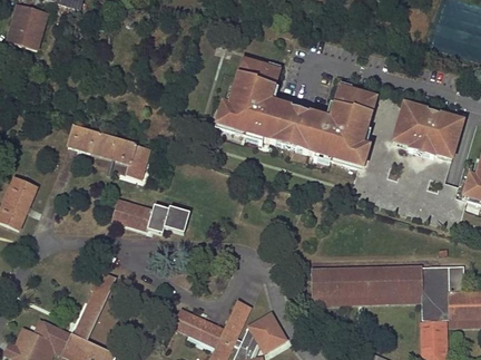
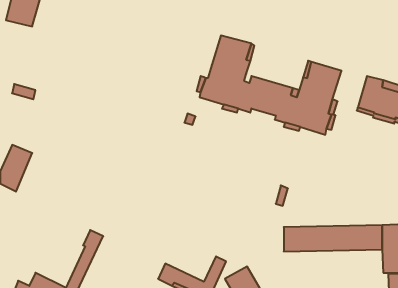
building: [68,125,149,177] -> none
building: [111,200,188,233] -> none

